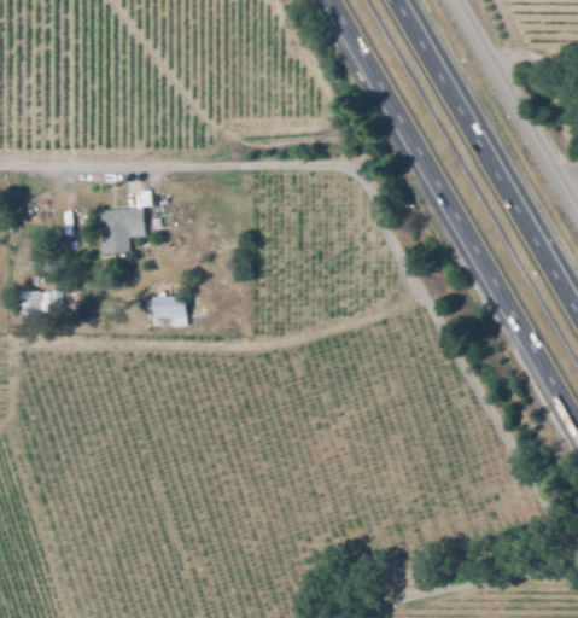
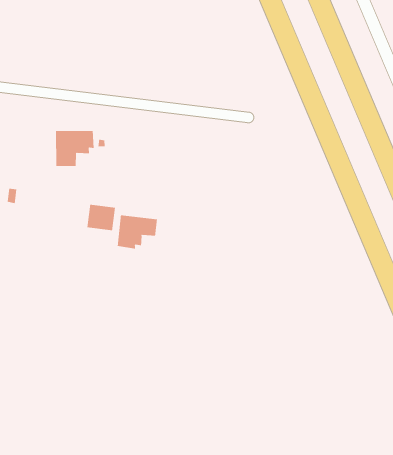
building: none -> [117,214,158,249]

